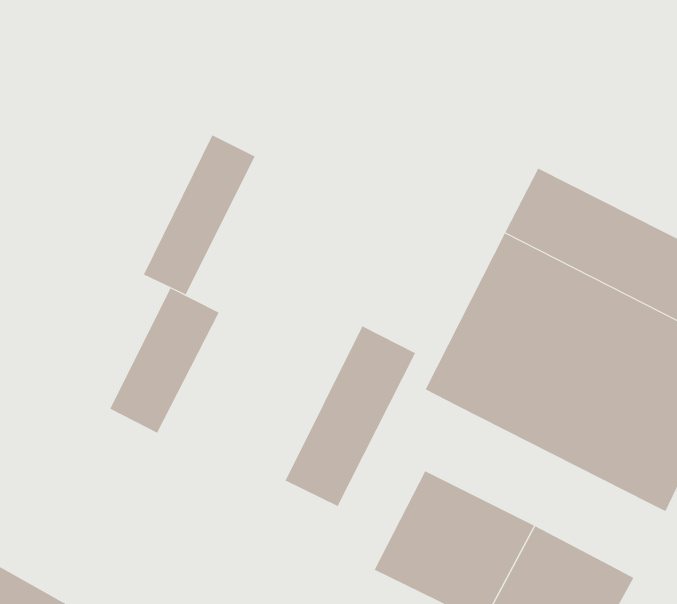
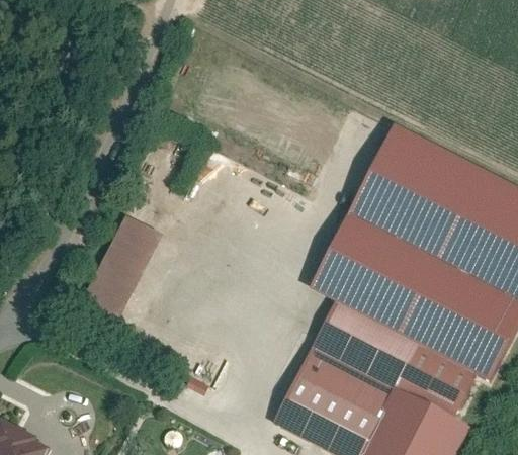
building: [143,134,256,295] -> none
building: [285,326,416,507] -> none
building: none -> [313,302,478,422]

